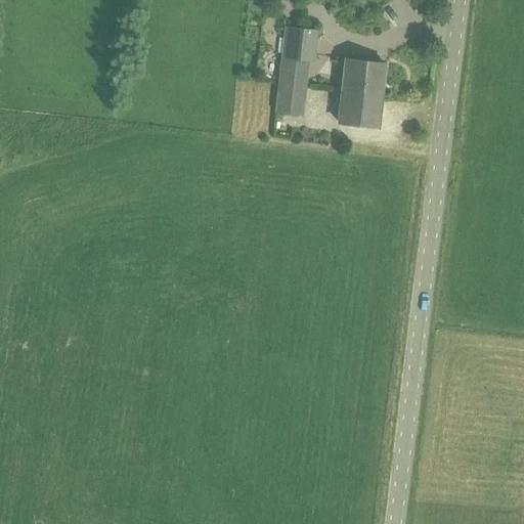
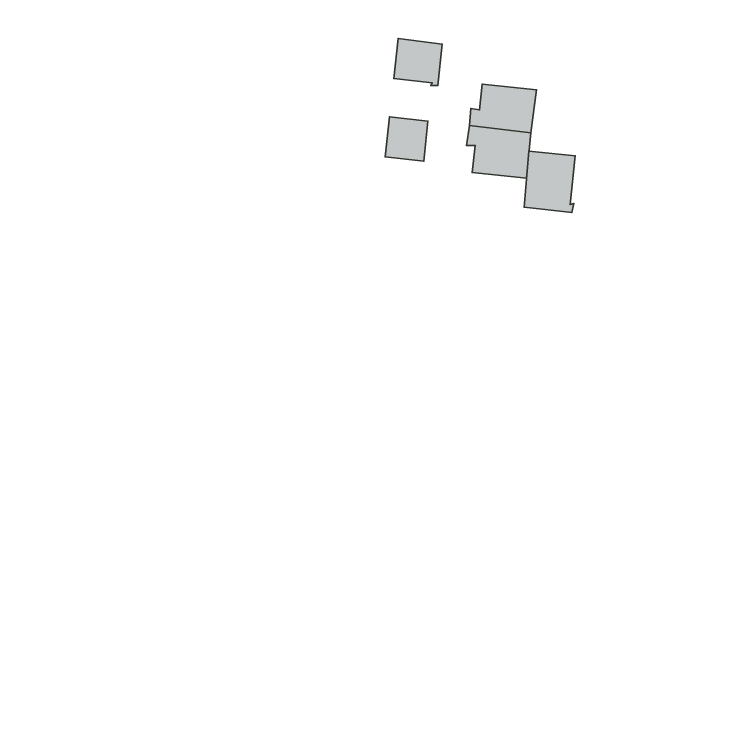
building: [279,56,310,87] -> none
building: none -> [524,151,575,212]

